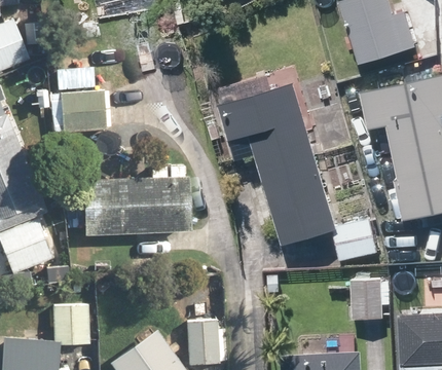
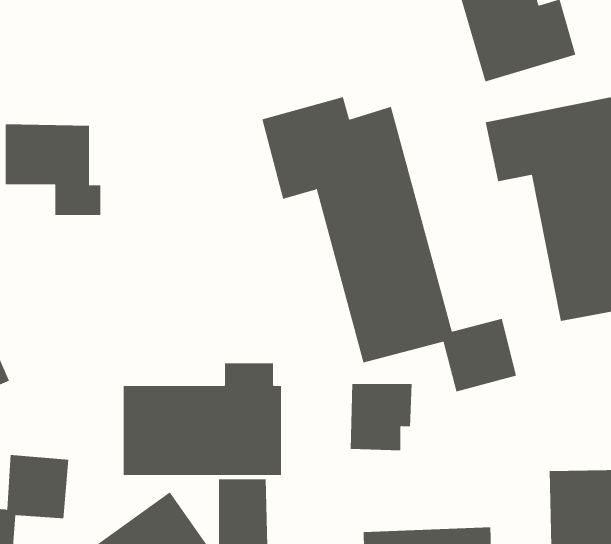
building: [86,162,188,234] -> [123,363,282,475]
building: [348,280,389,323] -> [350,383,412,451]

